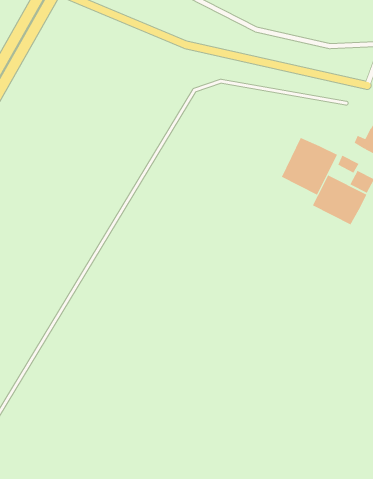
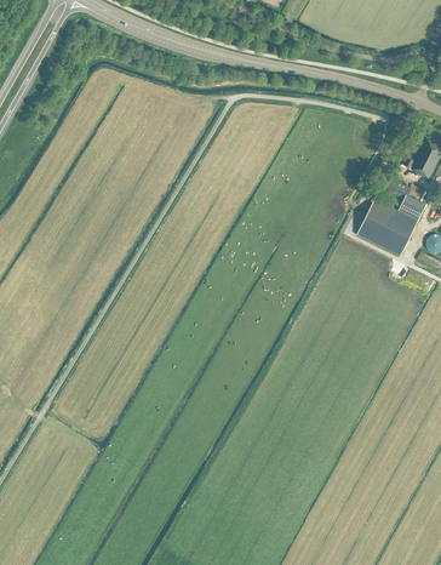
building: [281,137,338,195] -> none

